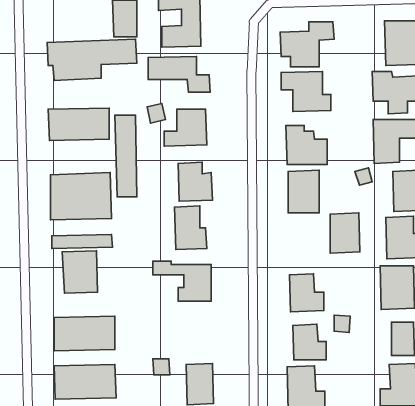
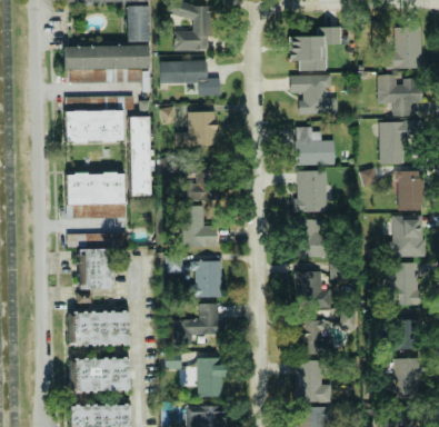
building: [330,213,360,253] -> [296,218,325,257]
building: none -> [173,304,226,346]

